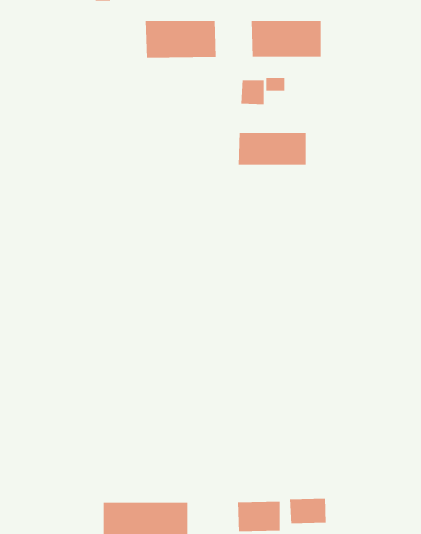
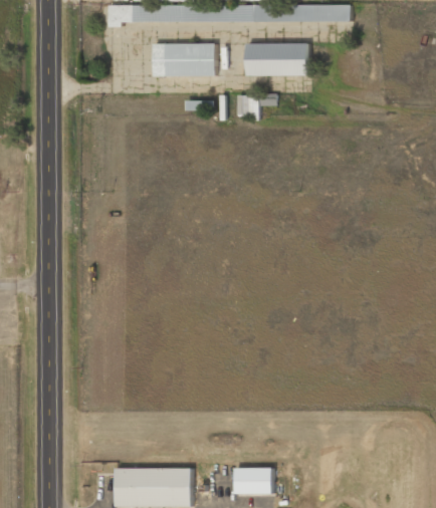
building: [238,132,306,166] -> none
building: [290,498,326,524] -> none

